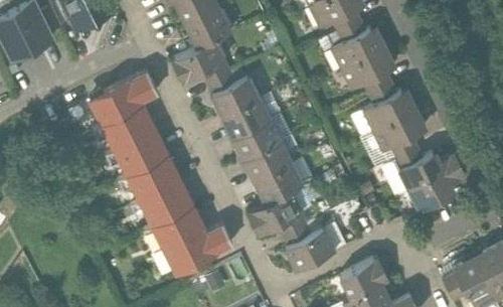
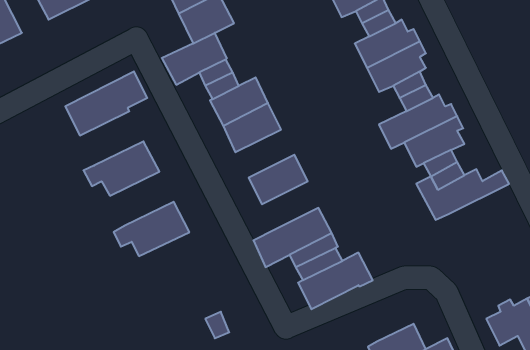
building: [94,106,156,151] -> none
building: [232,121,282,161] -> none
building: [119,156,181,201] -> none
building: [255,164,303,204] -> none
building: [410,166,466,211] -> none
building: [144,206,233,274] -> none
building: [340,259,388,298] -> none

